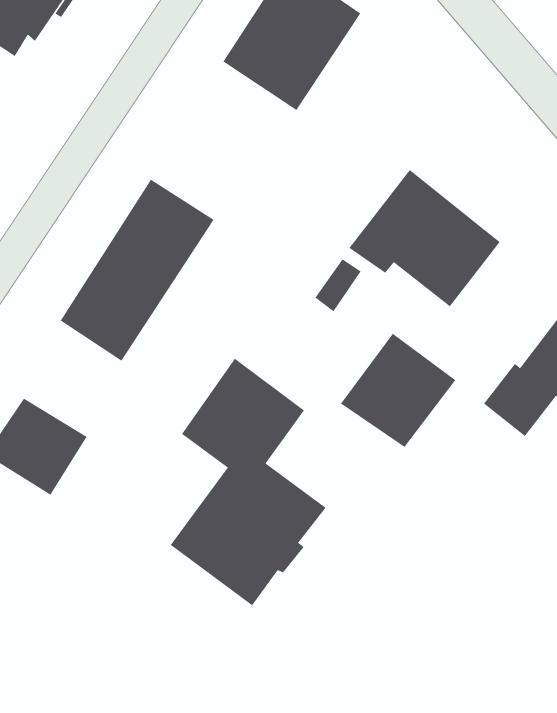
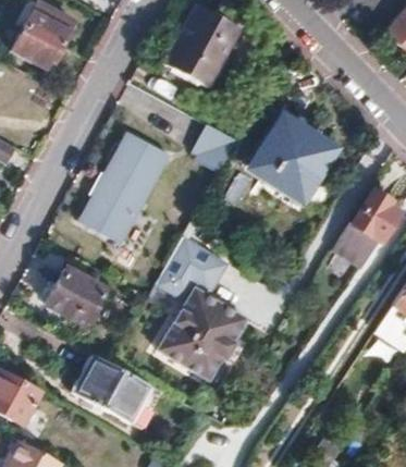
building: none -> [199,127,238,171]
building: [340,333,456,448] -> none
building: none -> [69,352,145,420]

